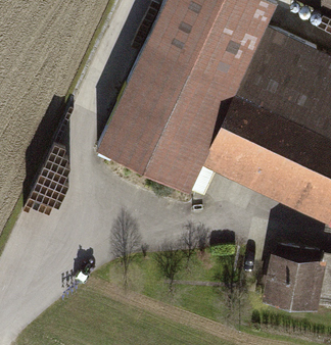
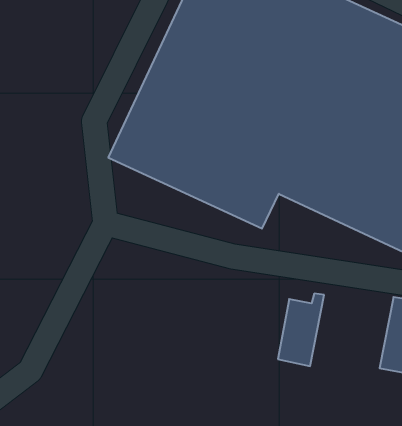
building: [271,246,304,299] -> [278,294,324,366]

